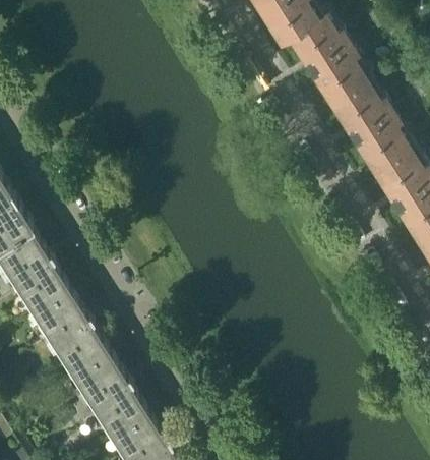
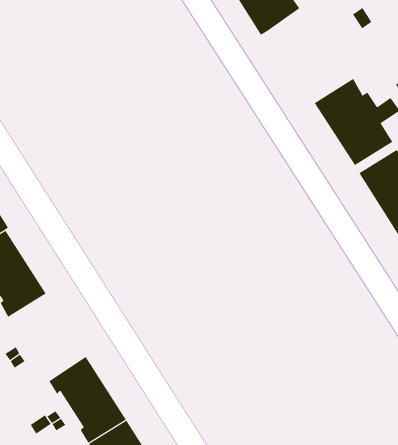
building: [287,12,370,108] -> none
building: [34,293,110,379] -> none

